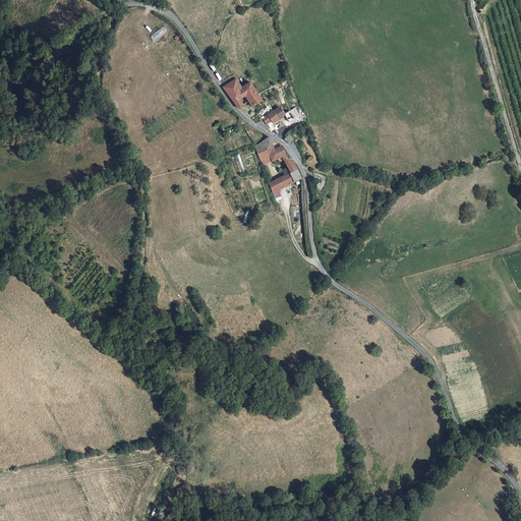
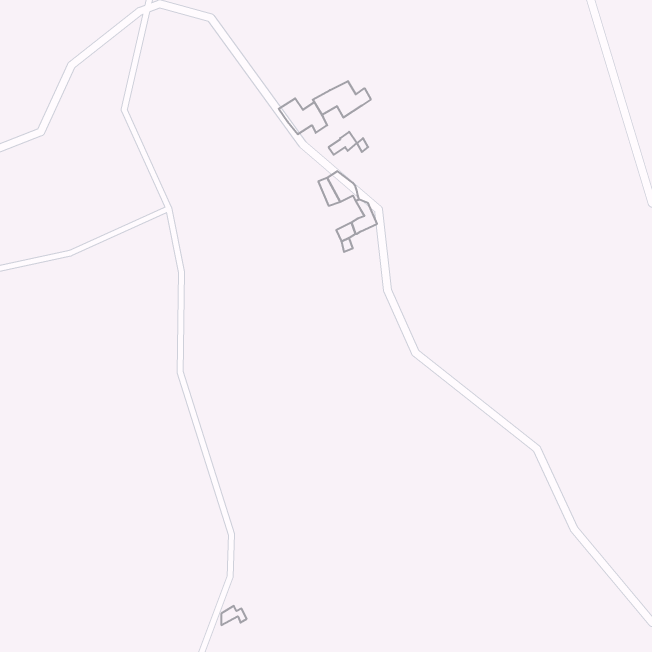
building: none -> [313,81,371,118]

